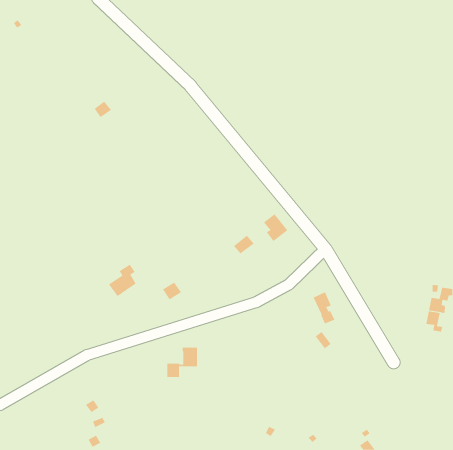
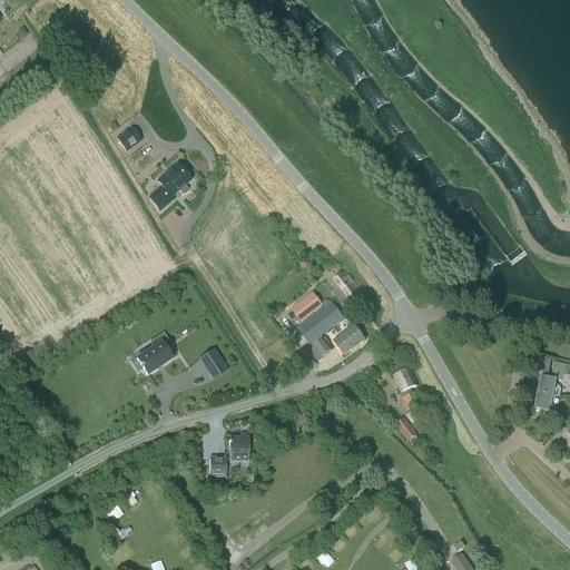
building: none -> [148,161,190,209]
building: none -> [298,301,344,358]
building: none -> [334,323,365,353]

